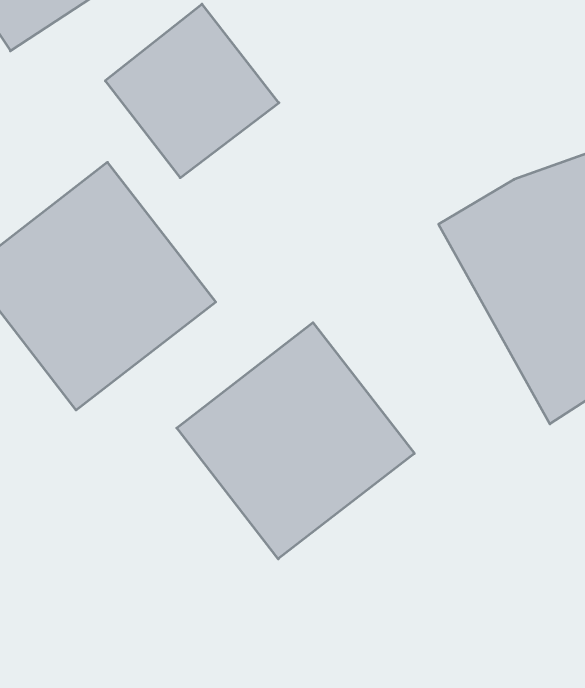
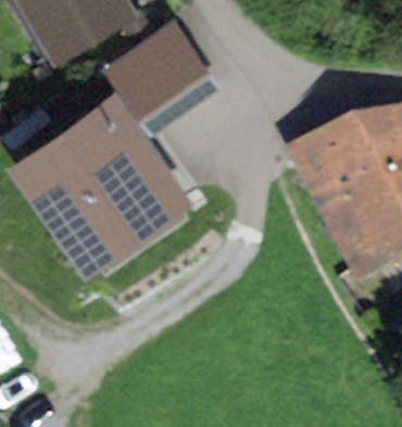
building: [177,323,414,559] -> none

